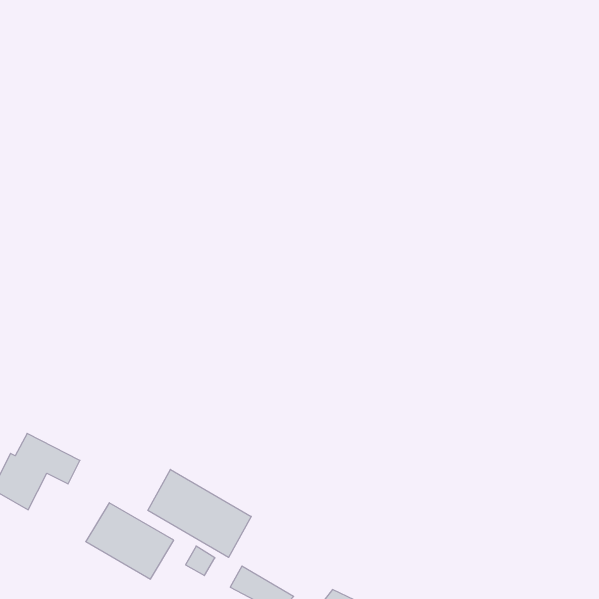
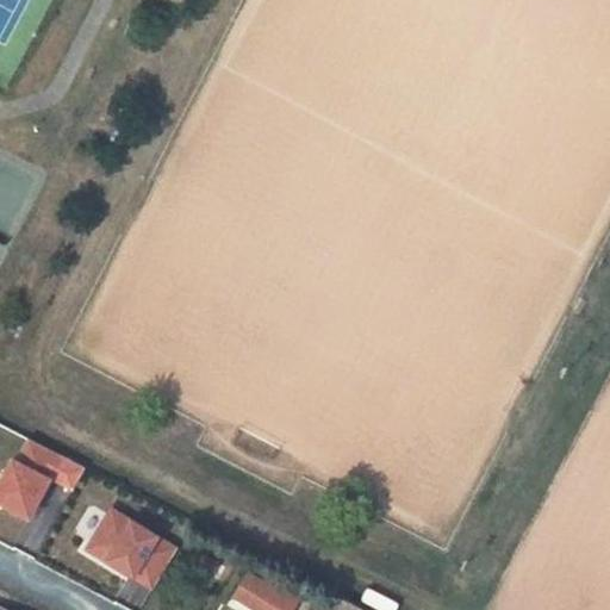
building: [148,469,251,557] -> none

